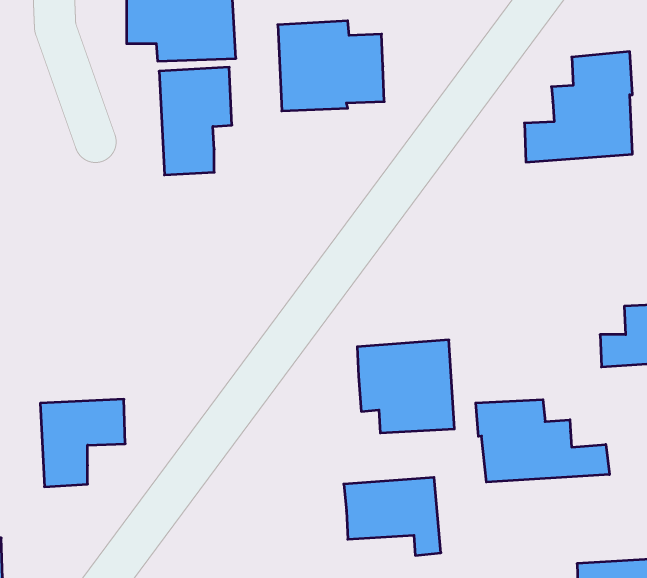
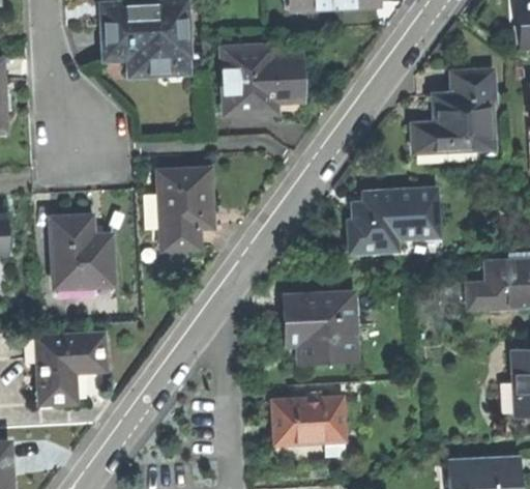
building: [159,67,232,175] -> [156,169,212,252]
building: none -> [347,183,437,250]
building: none -> [50,218,112,289]
building: [476,400,609,482] -> none

